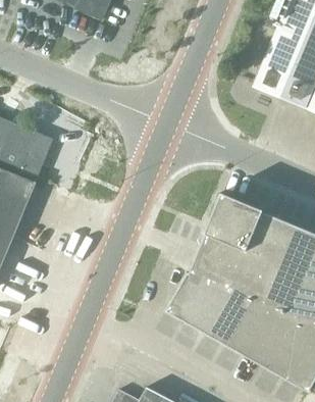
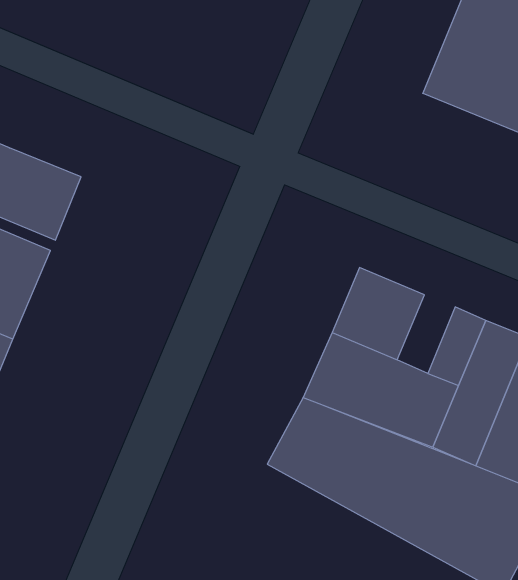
building: [242,210,276,257] -> none

